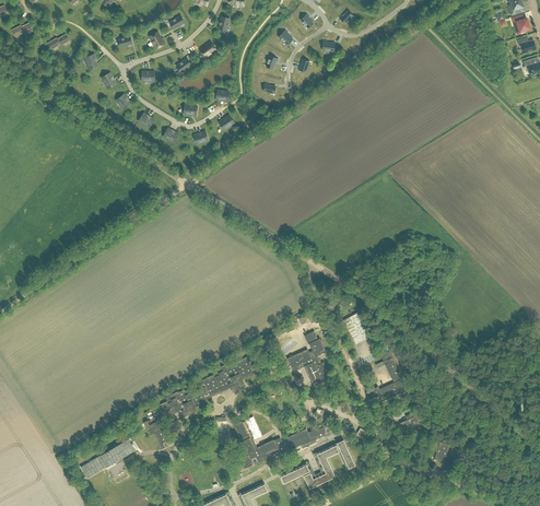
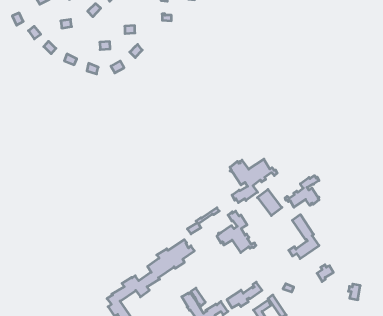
building: none -> [230,159,277,203]
building: none -> [285,176,319,207]

